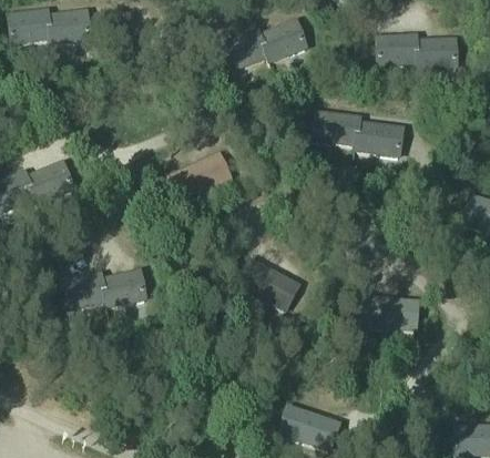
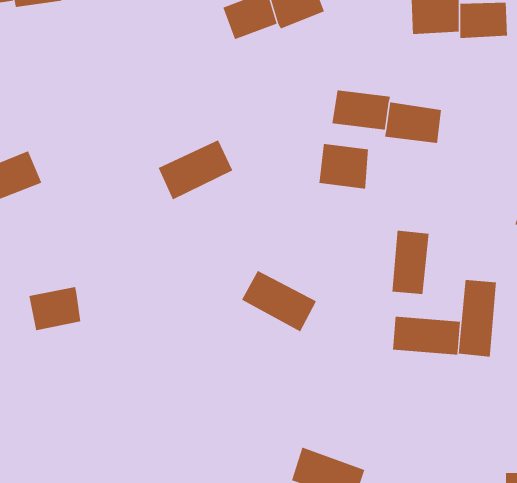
building: none -> [319,143,369,189]
building: none -> [392,230,429,295]
building: none -> [458,279,496,358]
building: [104,271,147,306] -> none

